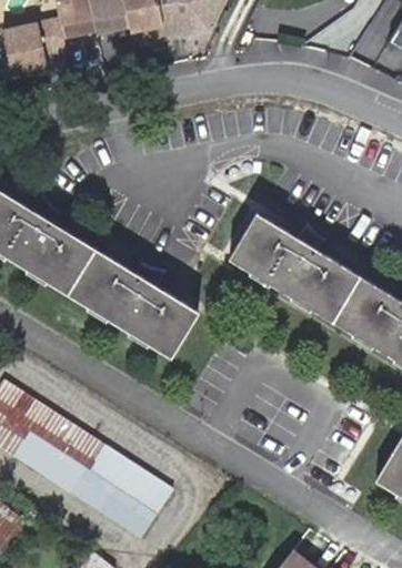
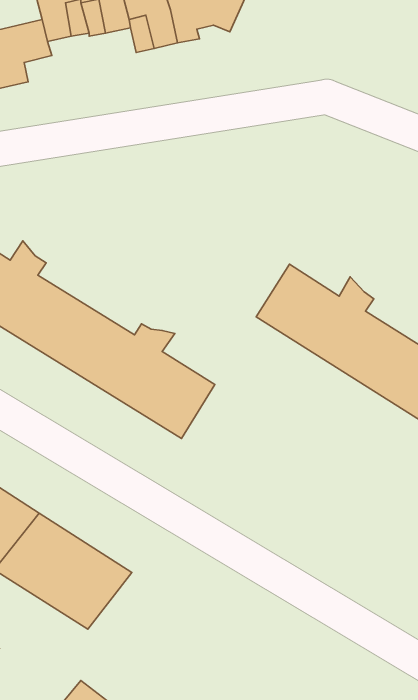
building: [96,463,171,536] -> none

